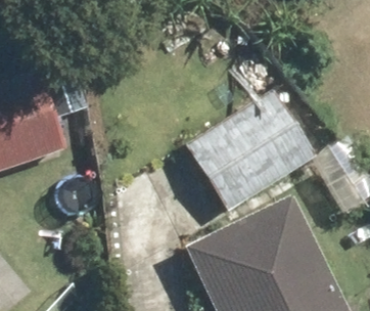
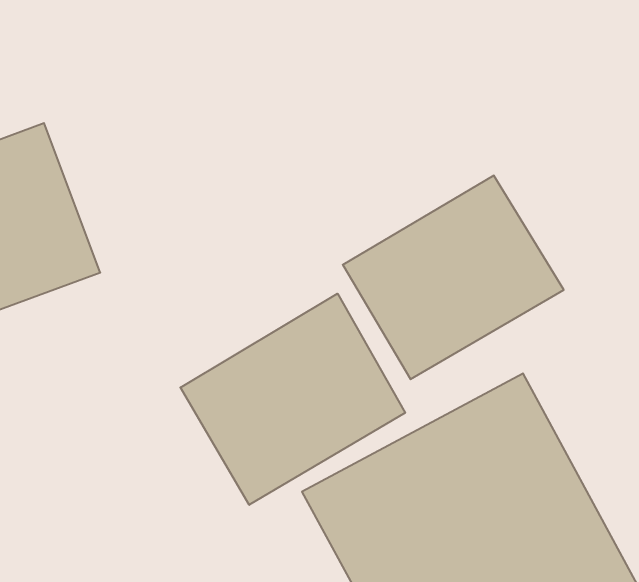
building: none -> [180,294,405,505]

